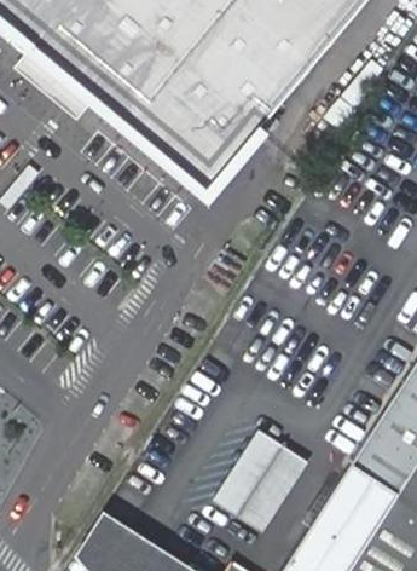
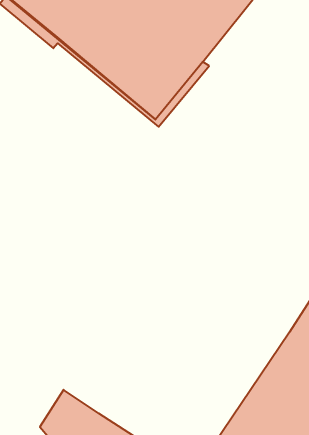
building: [214,431,311,533] -> none

